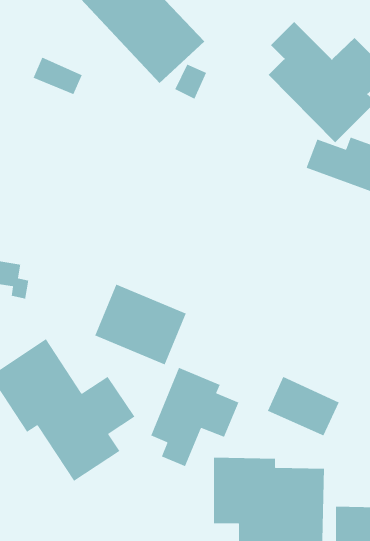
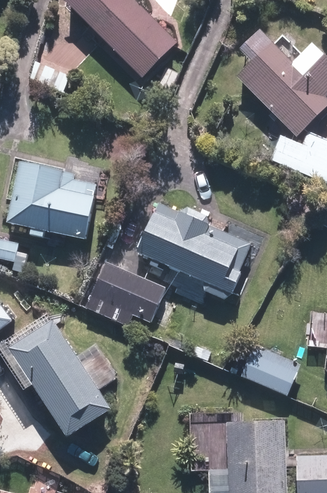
building: none -> [12,163,94,238]
building: none -> [137,201,254,292]
building: [150,367,240,467] -> none

